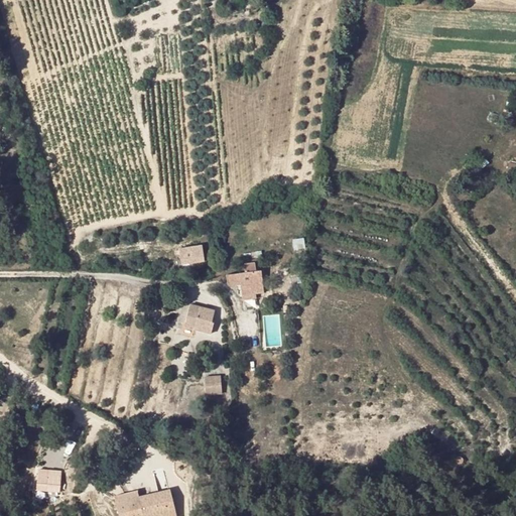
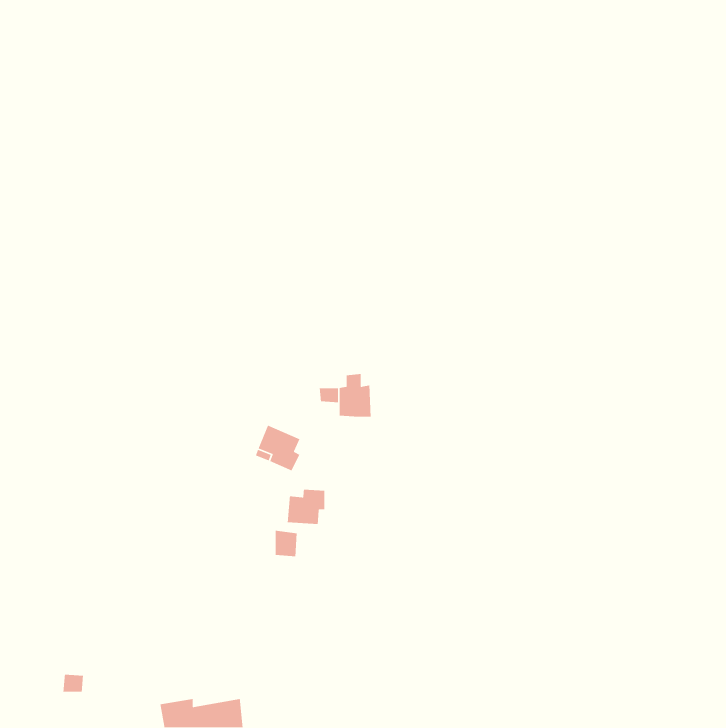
building: [176,243,203,263] -> none
building: none -> [287,489,325,525]

